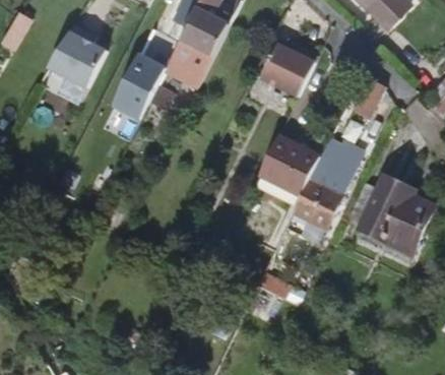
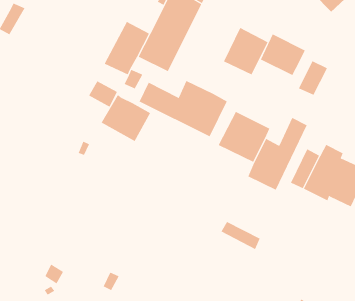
building: [47,24,107,88] -> none
building: none -> [260,34,305,76]
building: none -> [139,80,228,137]
building: none -> [101,94,151,142]

